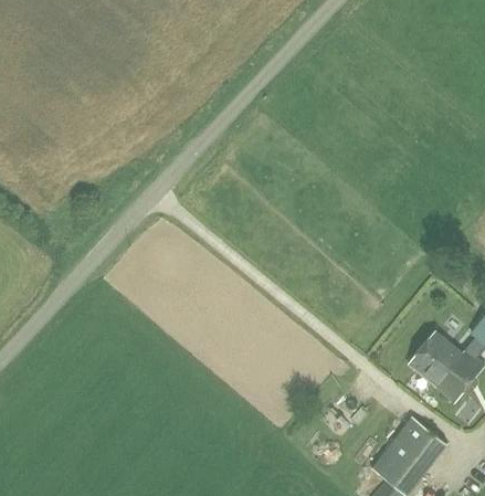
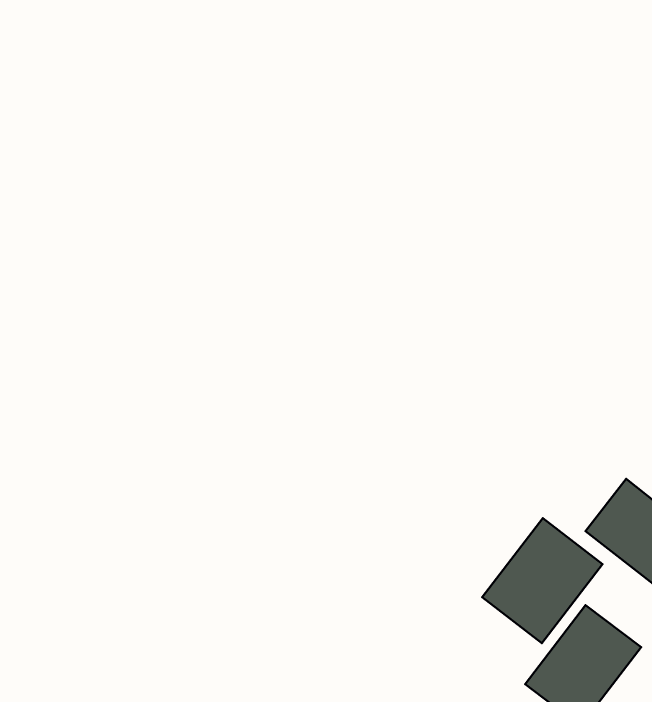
building: none -> [482,518,603,643]

